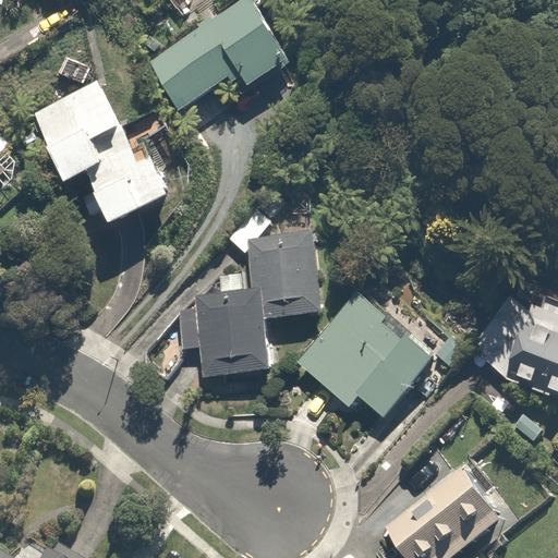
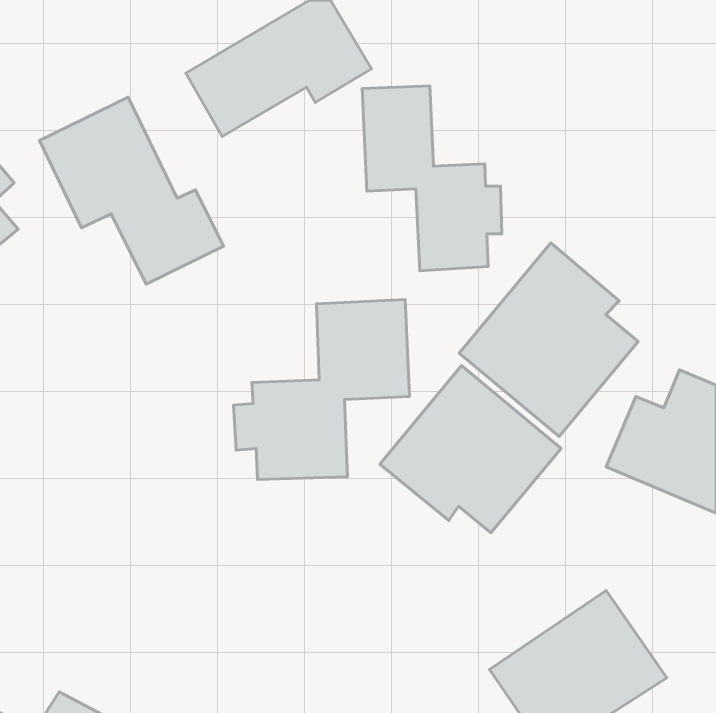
building: none -> [362,86,502,271]
building: none -> [459,243,638,437]

